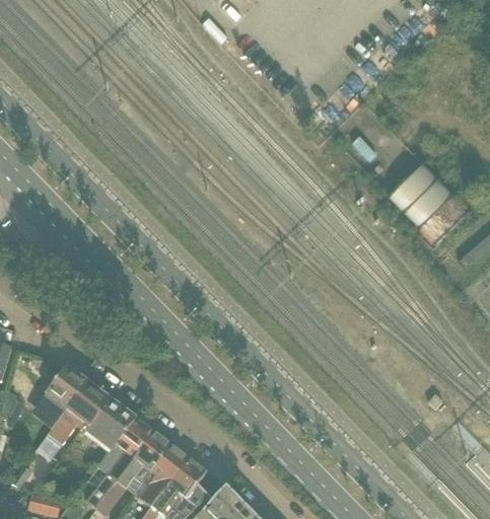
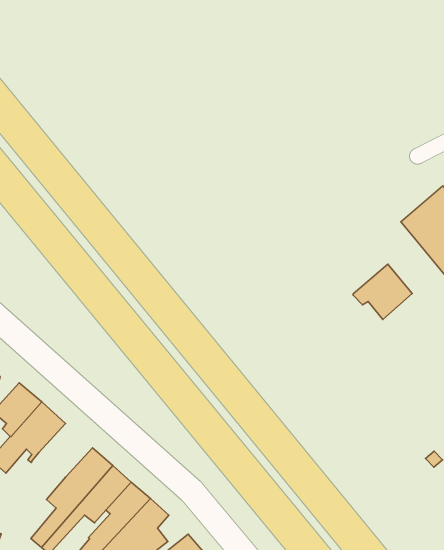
building: none -> [353,264,412,320]
building: [83,398,135,451] -> none

